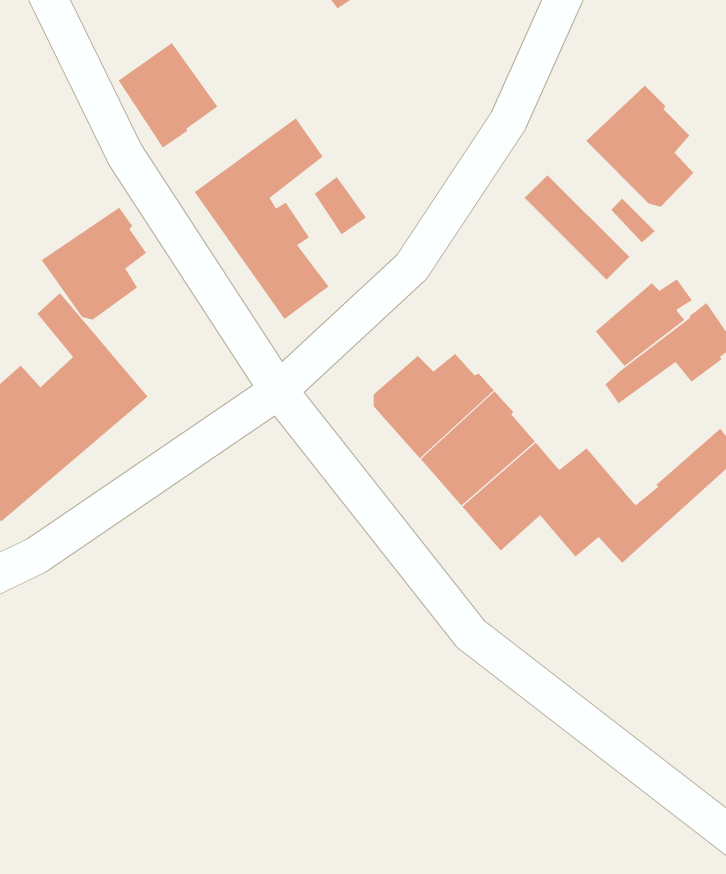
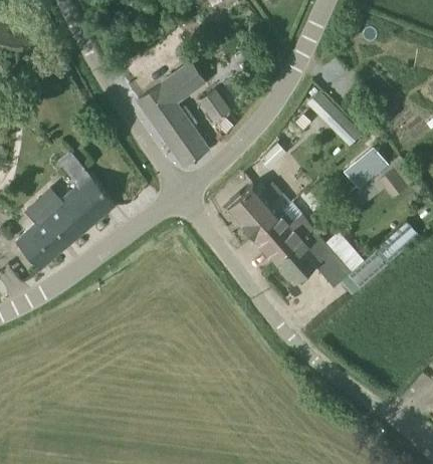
building: [118,42,218,149] -> none
building: [585,85,694,208] -> none
building: [41,207,147,320] -> none

